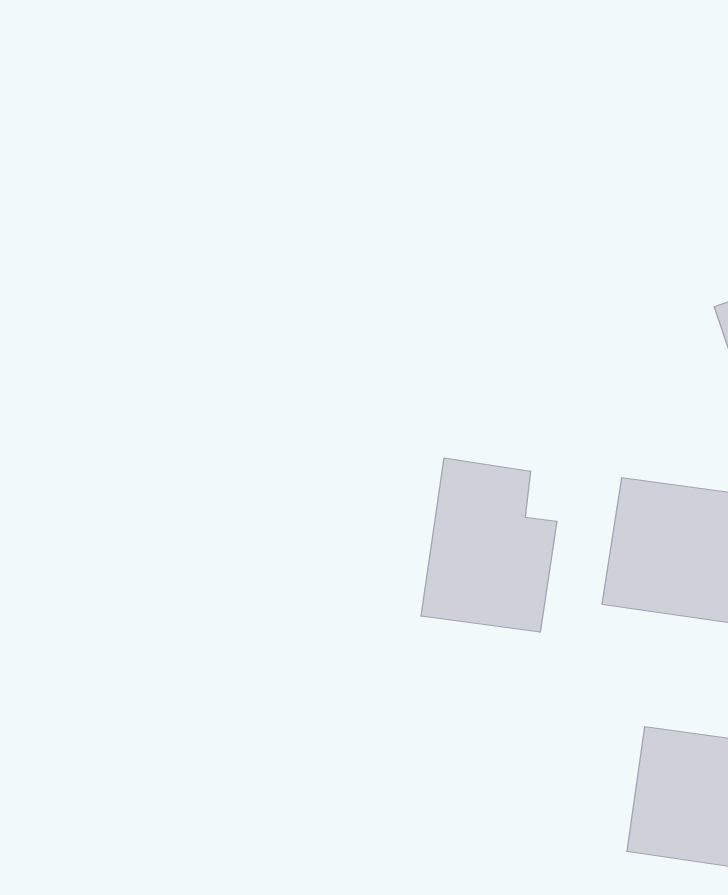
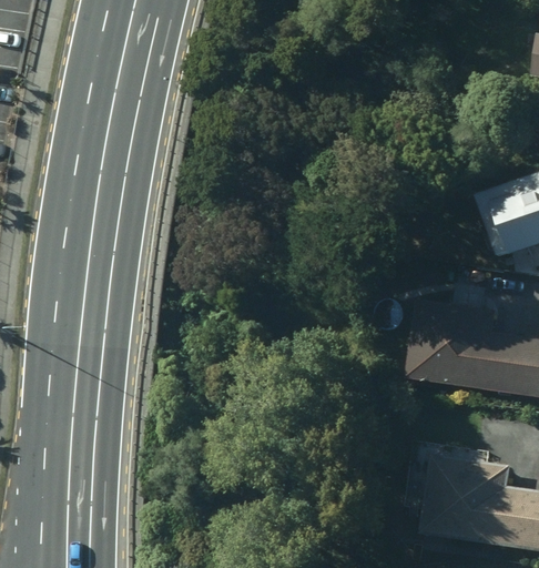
building: [421,458,557,632] -> none

